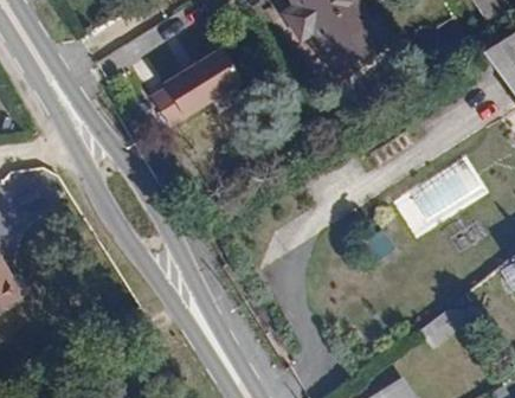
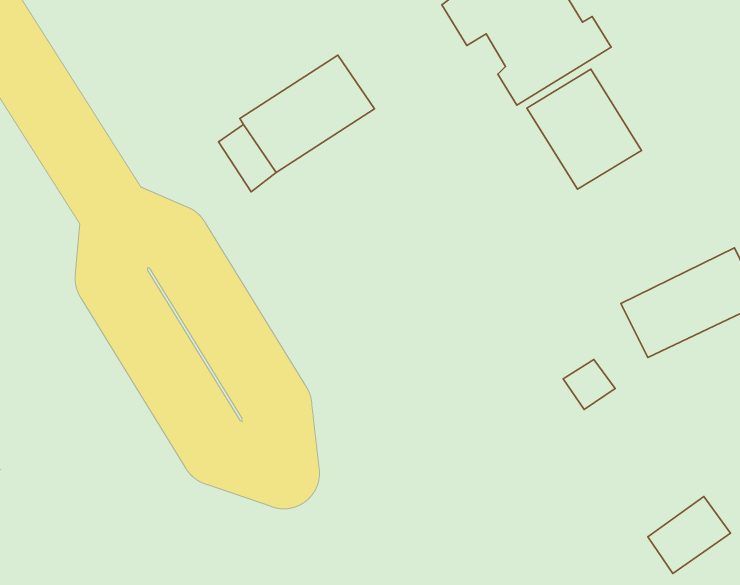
building: none -> [527,69,642,189]

